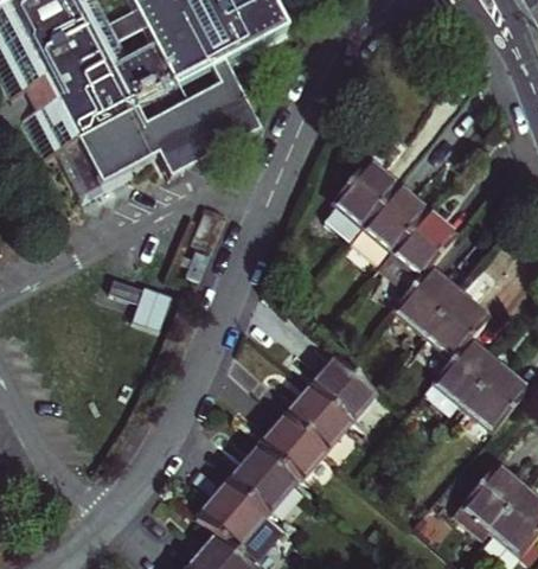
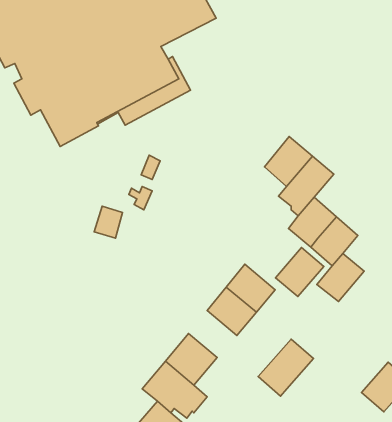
building: [325,159,393,239] -> none
building: [459,363,523,428] -> [276,248,324,297]
building: [260,415,324,478] -> none
building: [451,458,525,533] -> [258,339,314,396]

